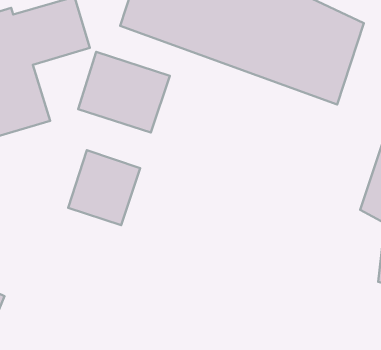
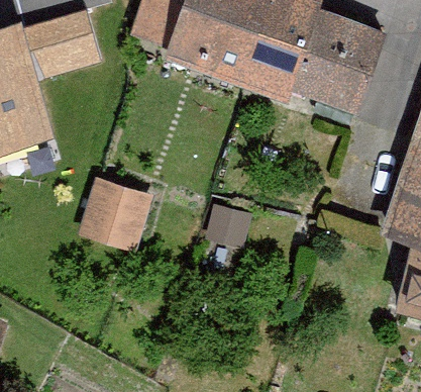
building: [78,52,170,133] -> none

